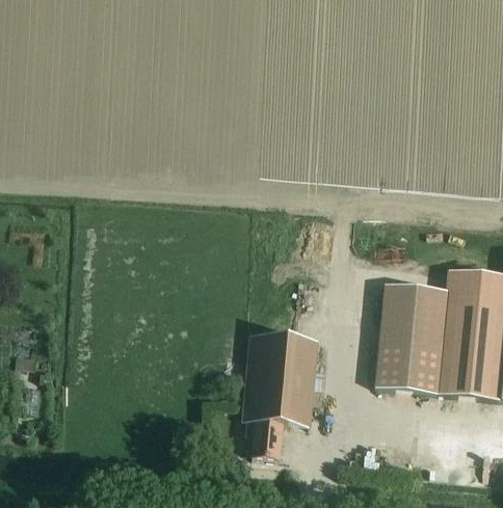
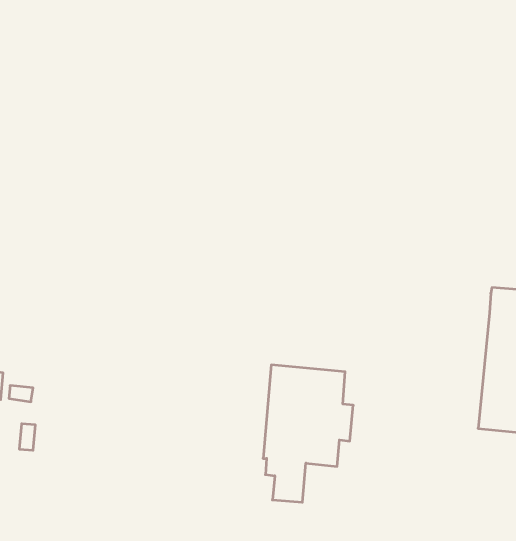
building: [375,283,447,392] -> none

